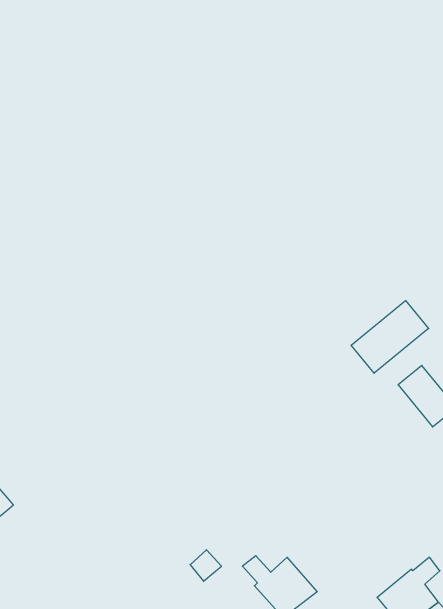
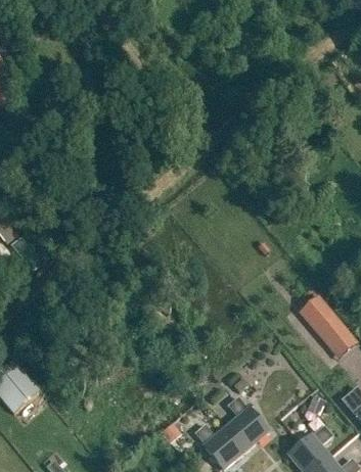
building: [351,301,429,373] -> none
building: none -> [227,397,270,450]

